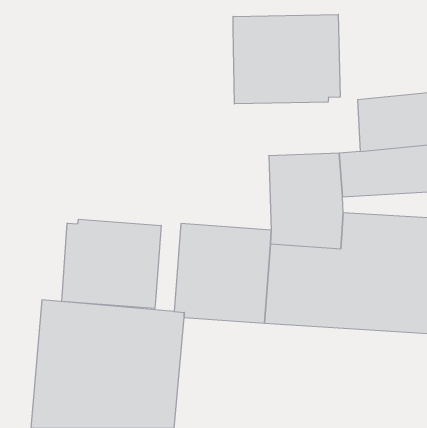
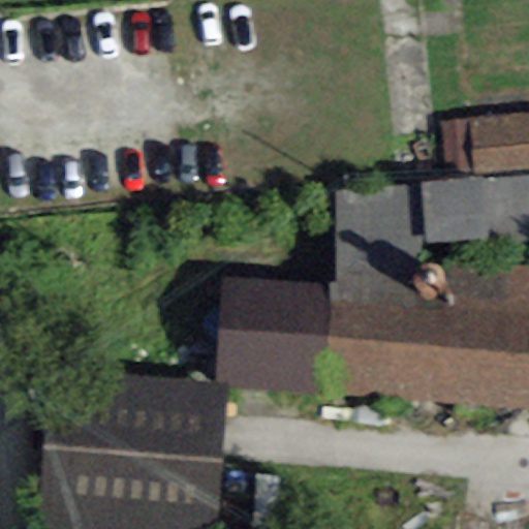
building: [233,14,340,104] -> none
building: [62,219,161,309] -> none

